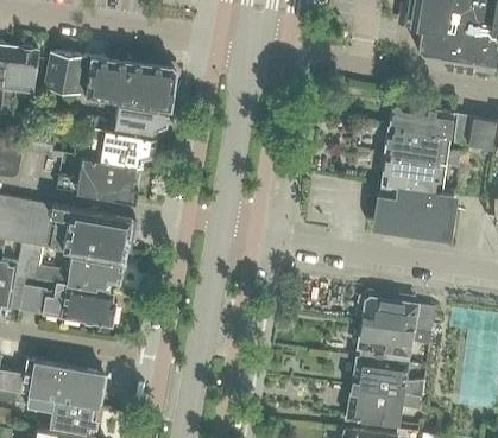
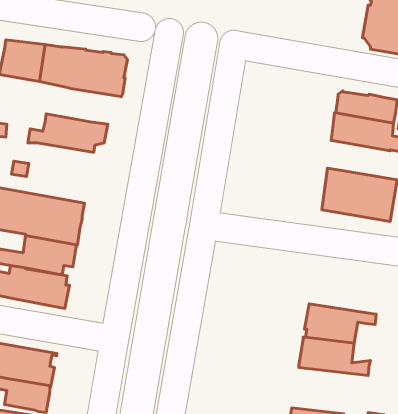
building: [82,102,169,139] -> none
building: [382,155,446,193] -> none
building: [77,158,140,203] -> none
building: [363,298,436,334] -> none
building: [346,388,423,425] -> none

